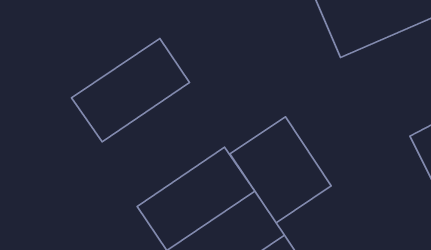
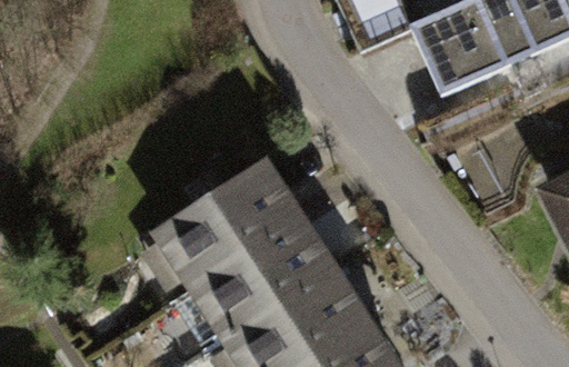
building: [72,39,189,142] -> [142,158,297,294]
building: [230,117,331,223] -> none

